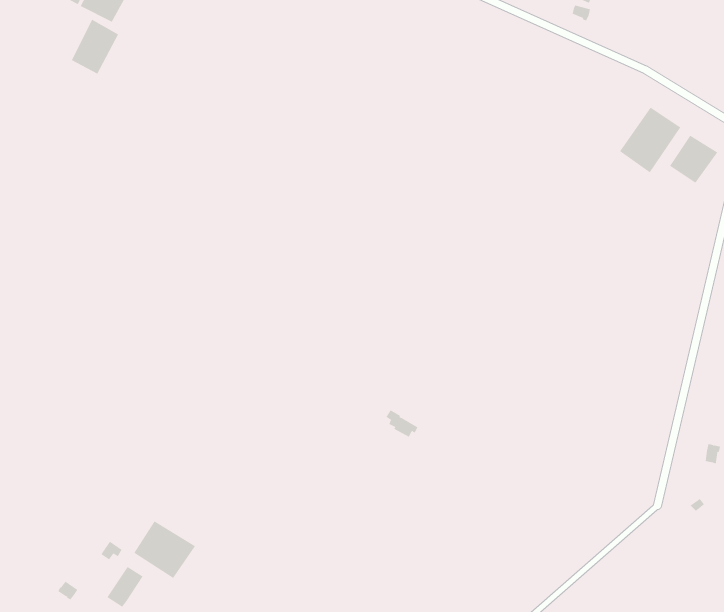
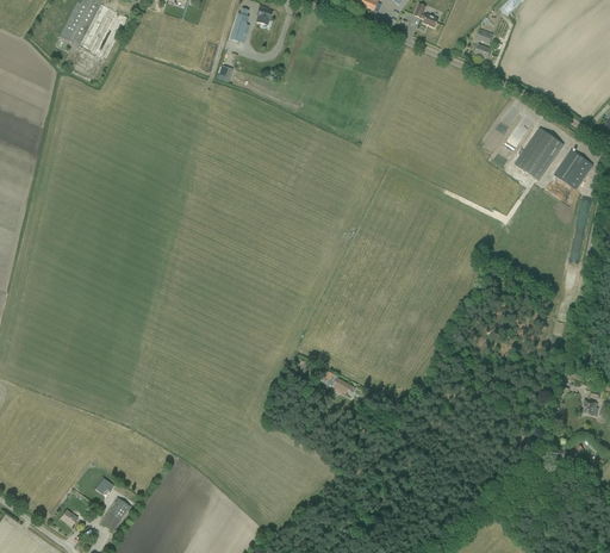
building: [71,19,119,75] -> none
building: [133,521,196,579] -> none

